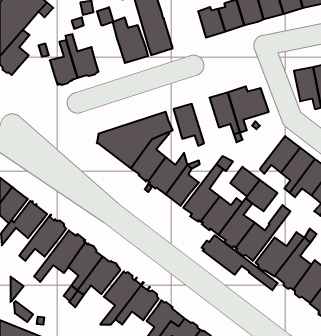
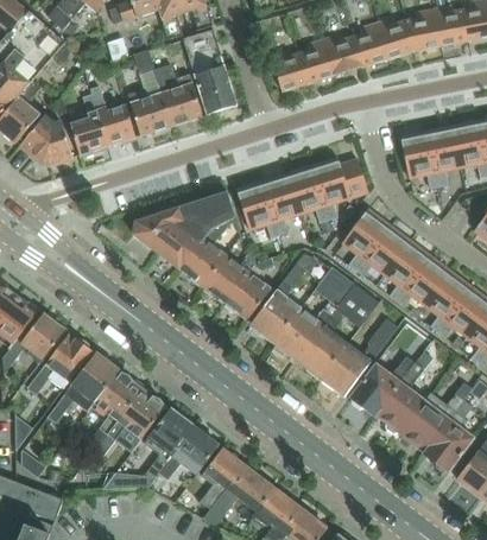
building: none -> [128,91,171,136]
building: none -> [20,115,72,165]
building: none -> [263,173,299,235]
building: none -> [342,210,390,271]
building: [202,235,278,290] -> none

